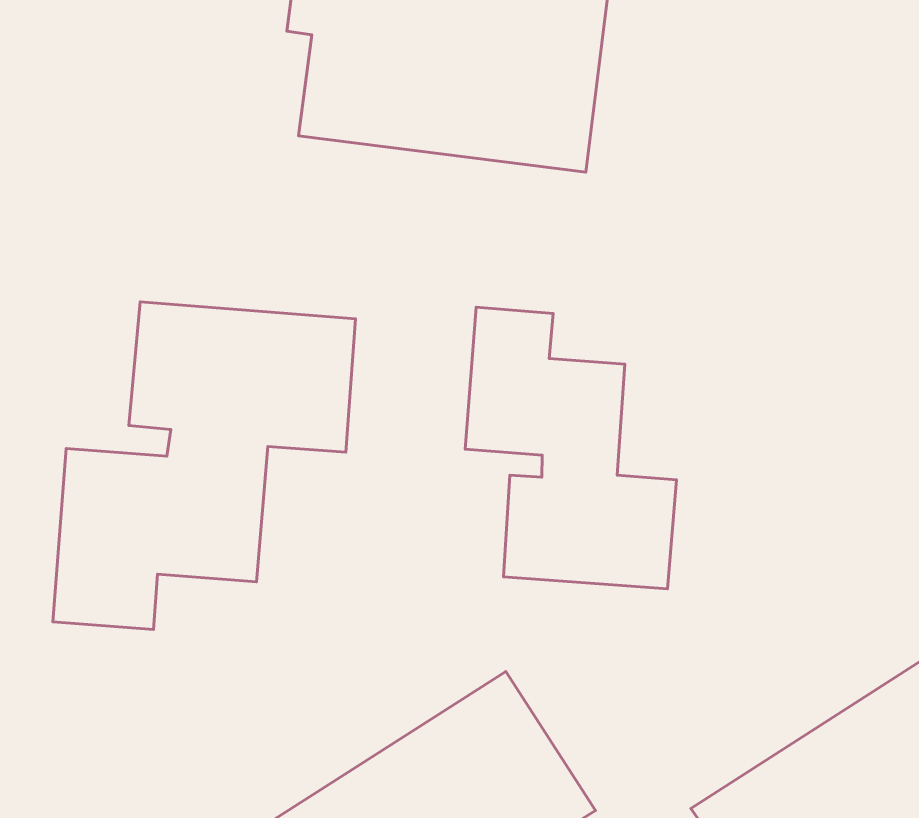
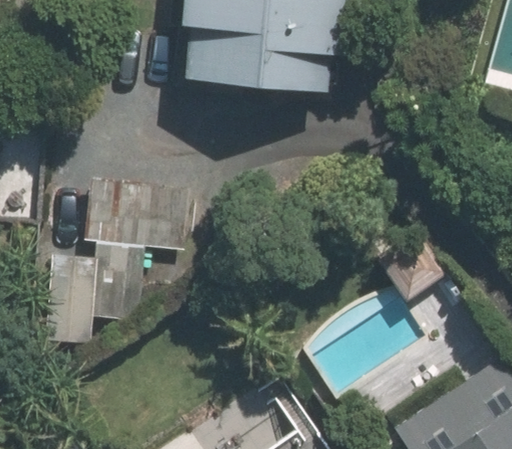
building: [465,307,677,589] -> none

